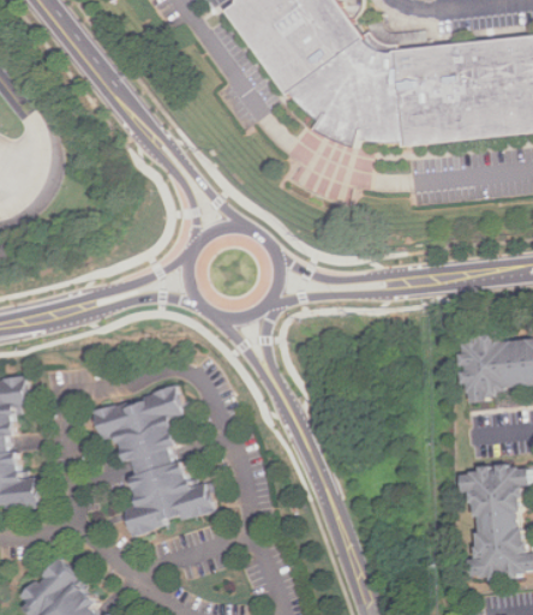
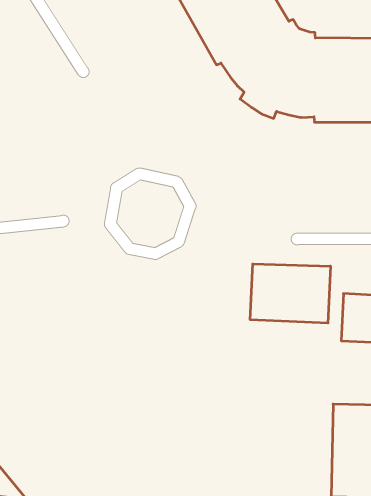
building: none -> [250,264,330,323]
building: [89,386,221,533] -> none

